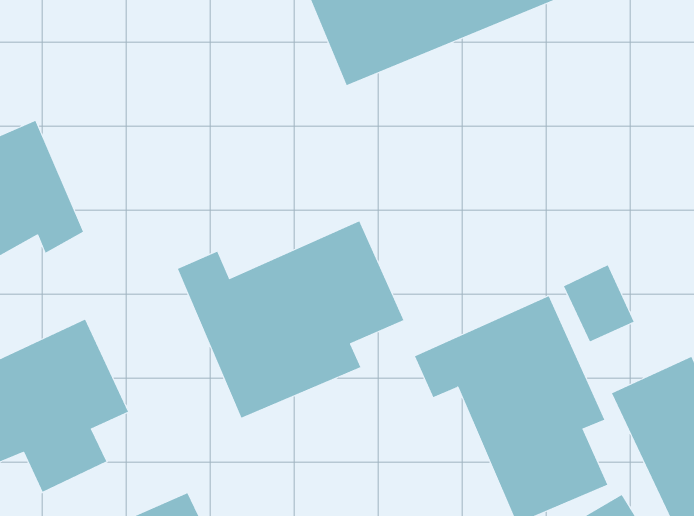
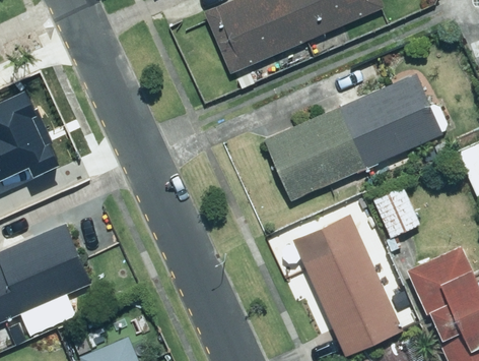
building: none -> [264,74,441,200]
building: [177,220,404,419] -> none

